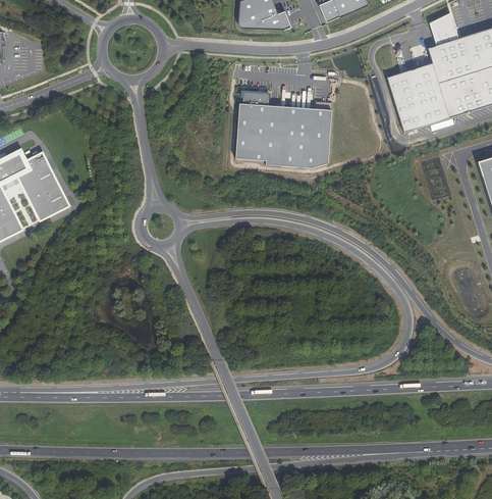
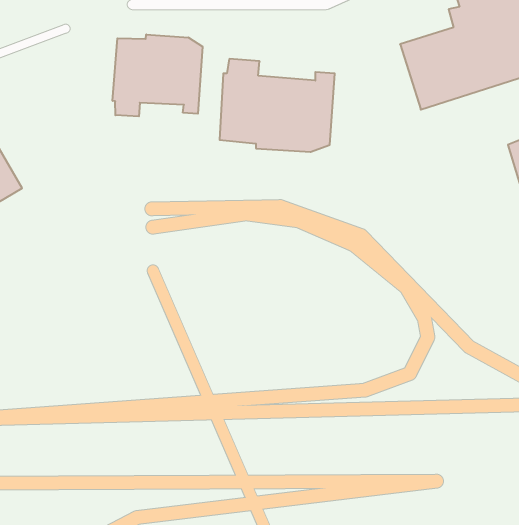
building: none -> [113,34,202,116]

